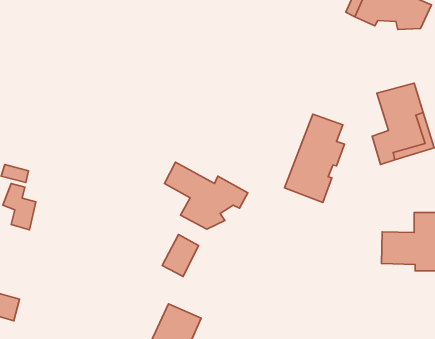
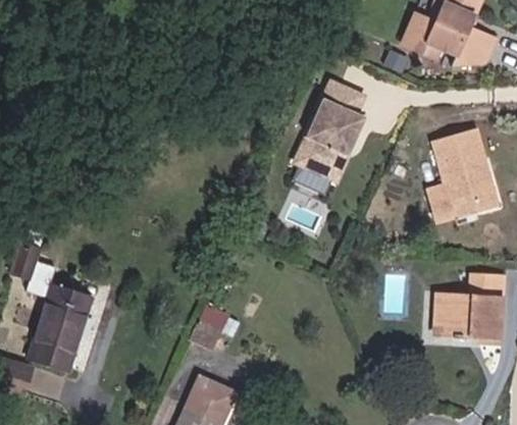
building: [285,114,345,202] -> [300,88,367,187]
building: [164,162,248,229] -> none
building: none -> [28,279,93,369]

